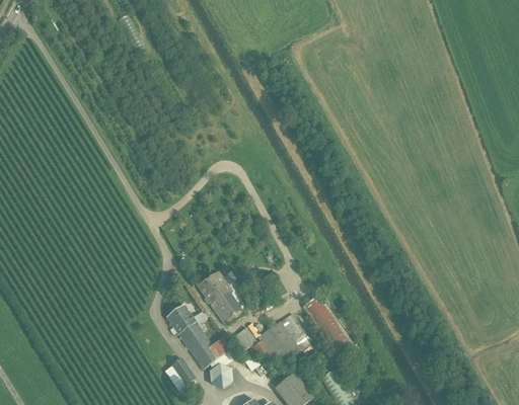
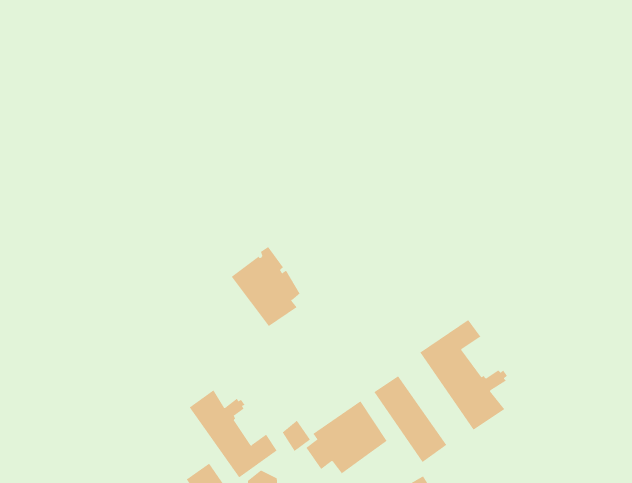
building: none -> [420,319,507,431]
building: [197,264,247,323] -> [231,246,300,327]

